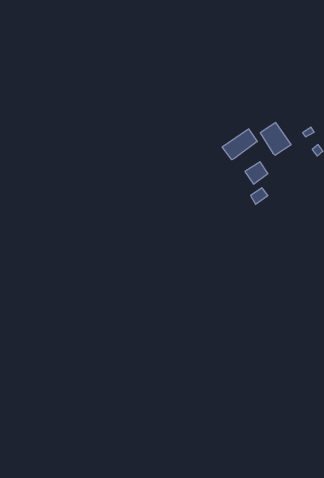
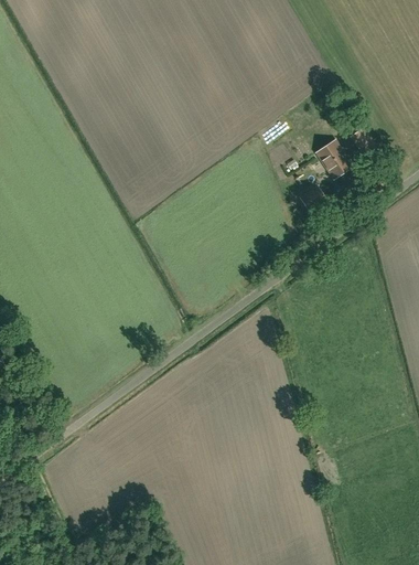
building: [222,129,257,160] -> none

